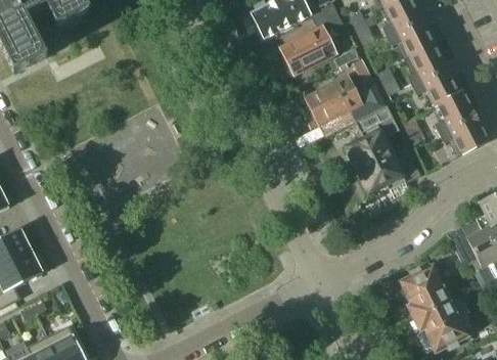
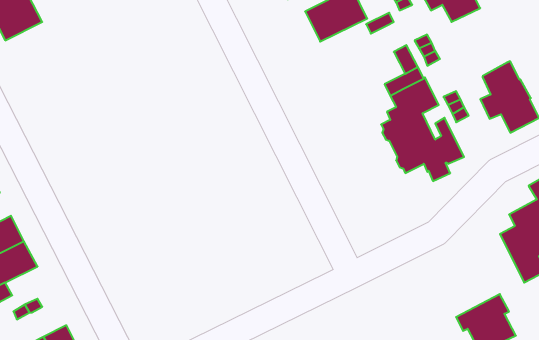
building: [409,43,461,105] -> none
building: [307,76,362,123] -> none
building: [402,265,454,317] -> none

